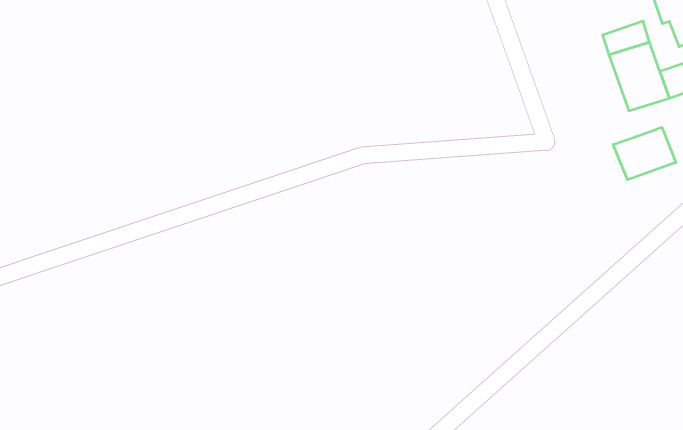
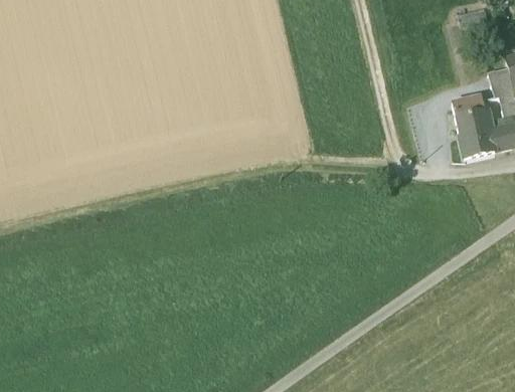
building: [613,127,676,180] -> none

